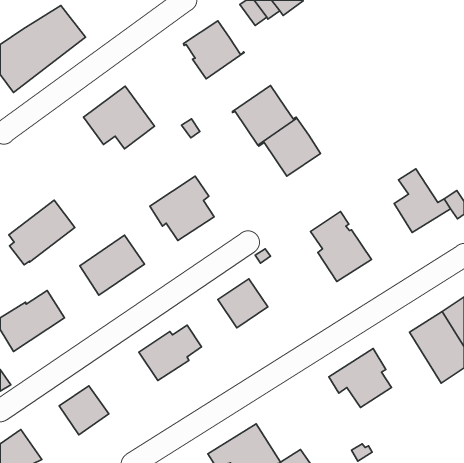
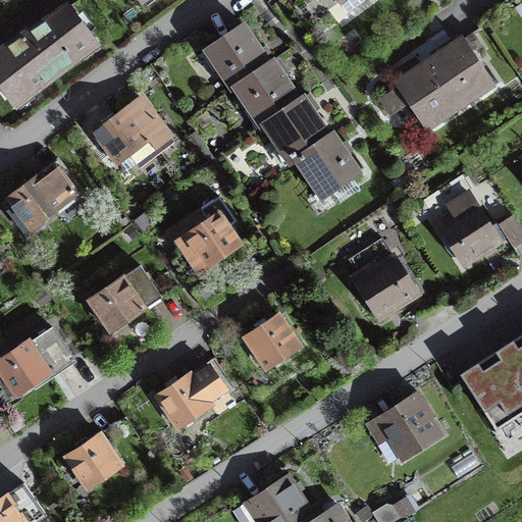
building: none -> [398,40,492,128]
building: none -> [231,60,304,126]
building: [9,200,75,265] -> [7,160,82,232]

